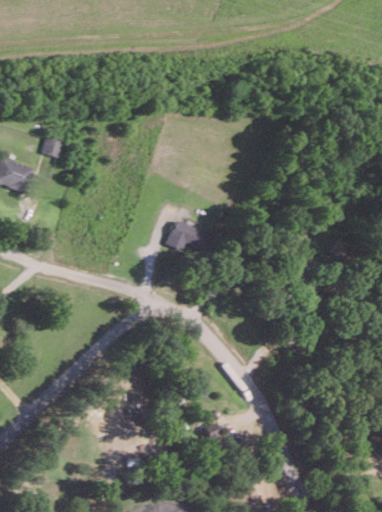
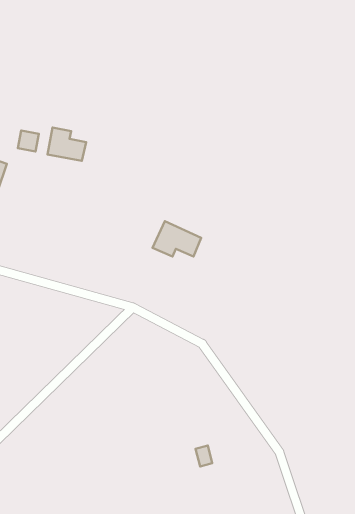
building: none -> [47,127,86,161]

